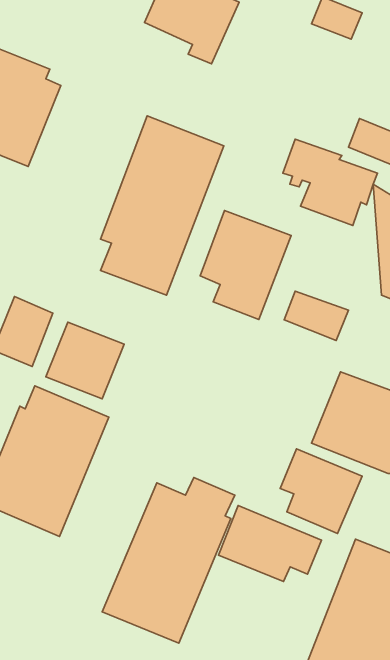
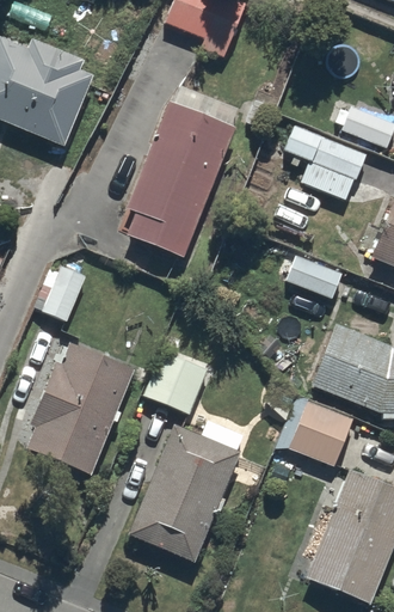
building: [200,211,291,319] -> none
building: [46,322,124,399] -> [141,345,209,412]
building: [218,506,322,582] -> none

